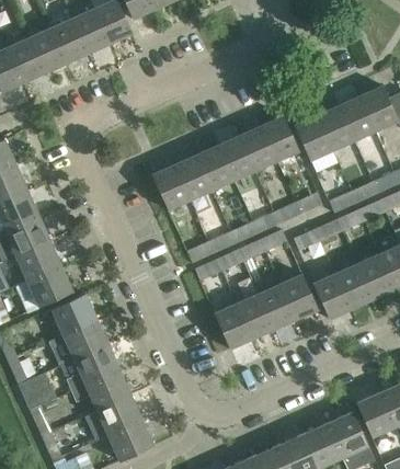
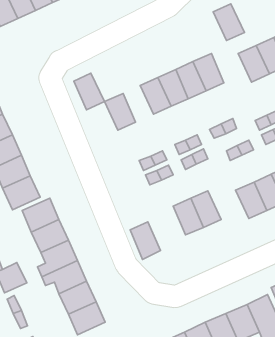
building: [295,115,333,160] -> [213,4,244,41]
building: [175,155,213,199] -> [74,73,104,110]
building: [279,274,318,319] -> none
building: [215,302,252,348] -> [130,222,160,259]

